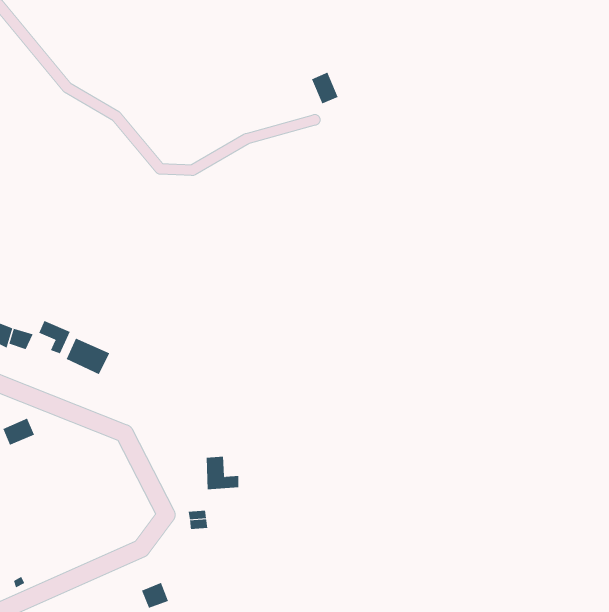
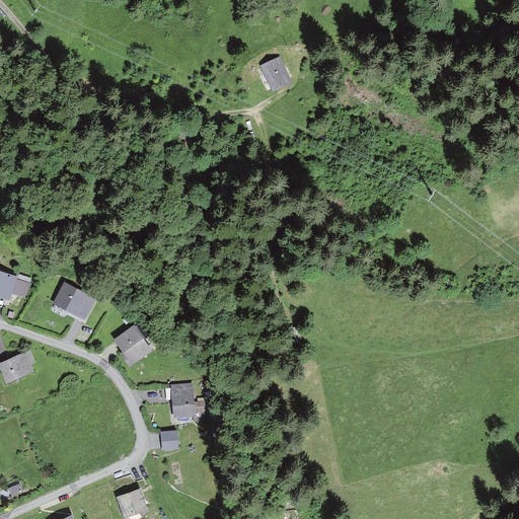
building: [38,320,71,354] -> none
building: none -> [116,329,148,360]

